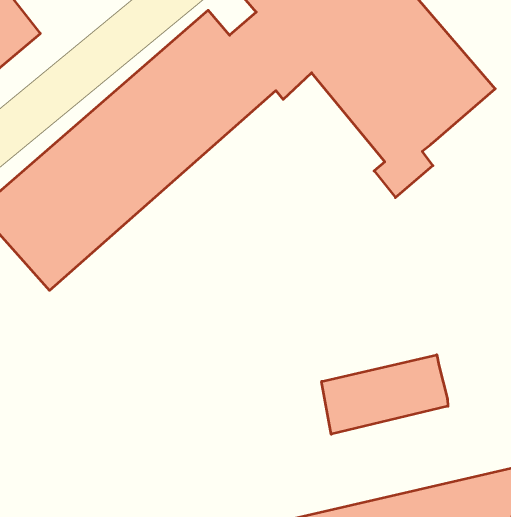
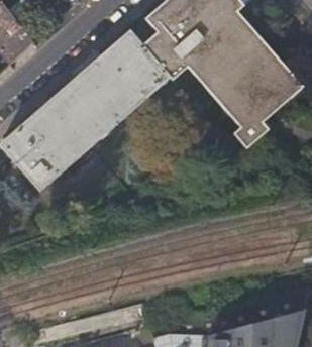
building: [322,355,448,434] -> none

